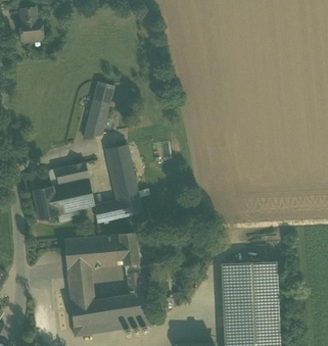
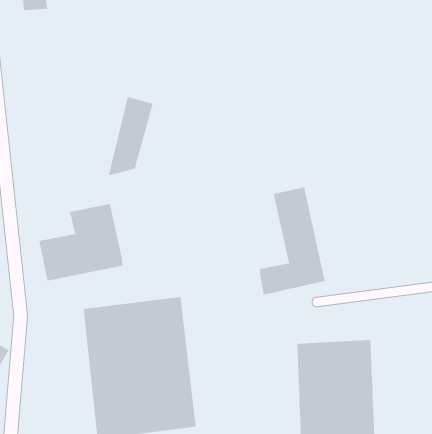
building: [18,17,44,43] -> none
building: [94,143,143,223] -> [259,187,326,295]

